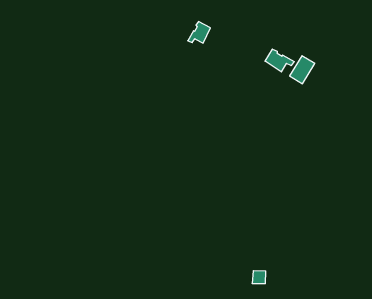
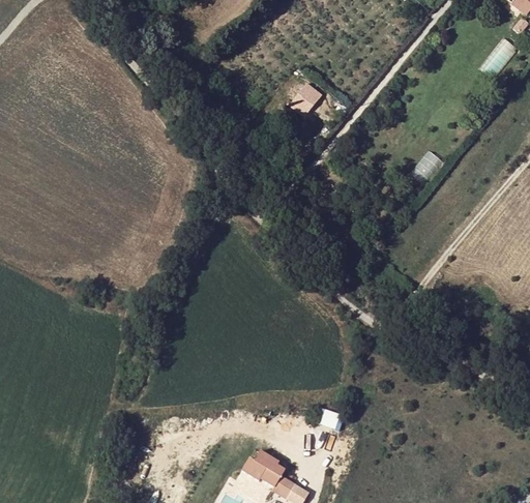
building: [265,49,294,72] -> none

